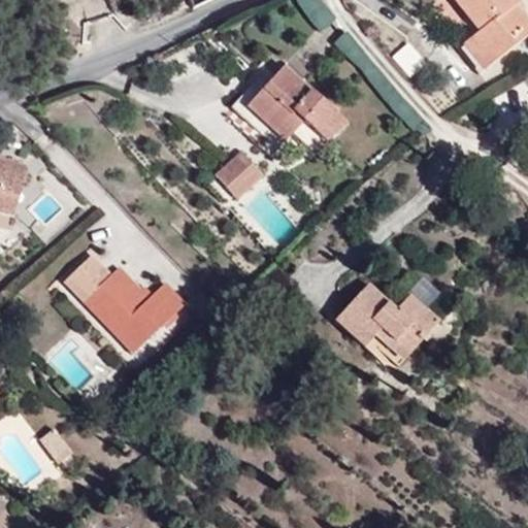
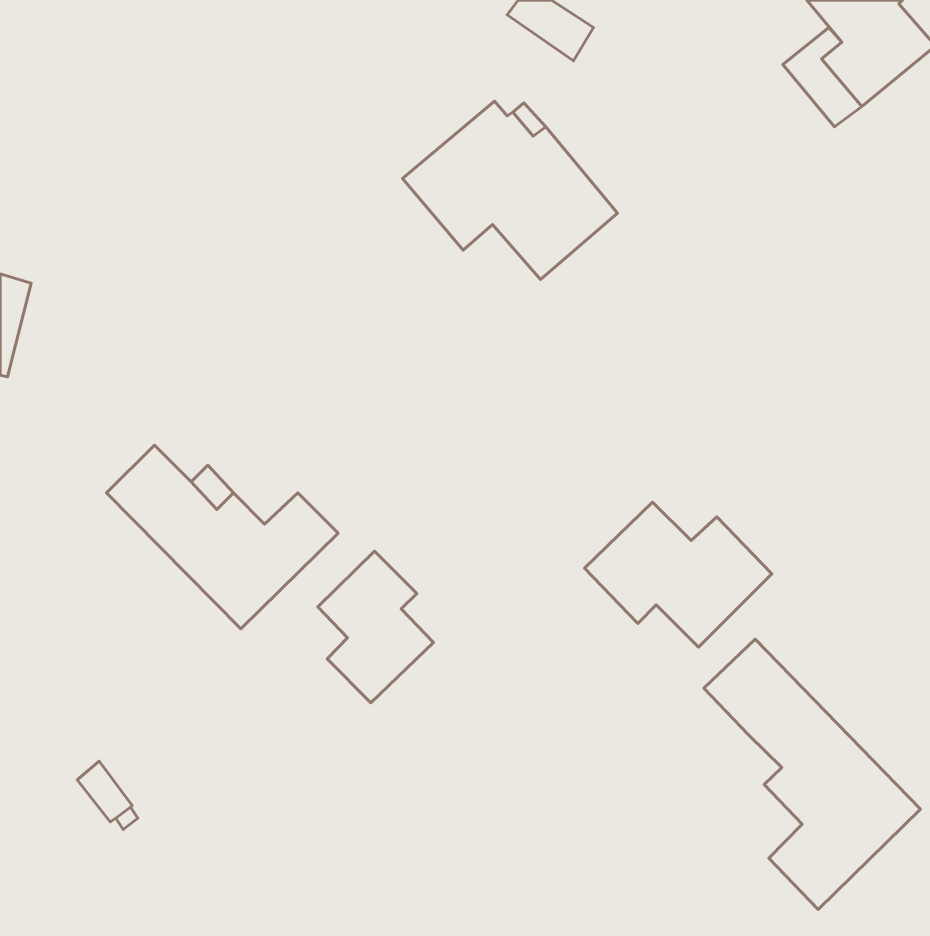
building: [209,151,258,198] -> none
building: none -> [318,551,433,703]
building: none -> [704,639,920,909]

